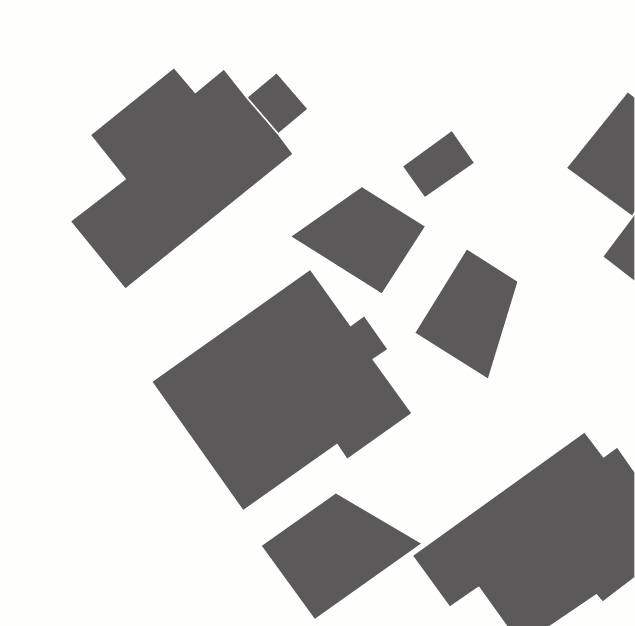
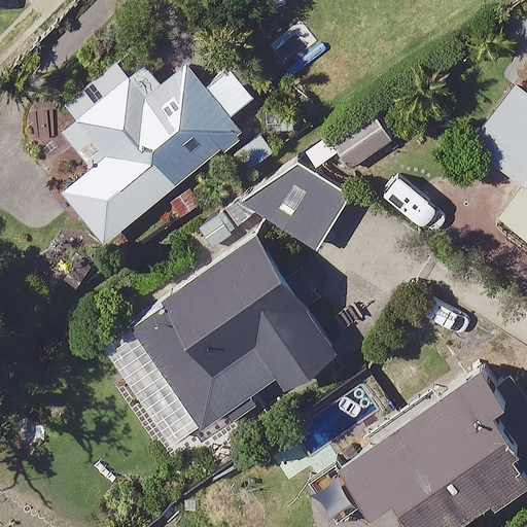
building: [415,249,518,379] -> none
building: [261,493,422,620] -> none

